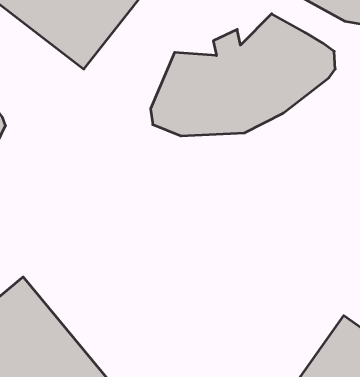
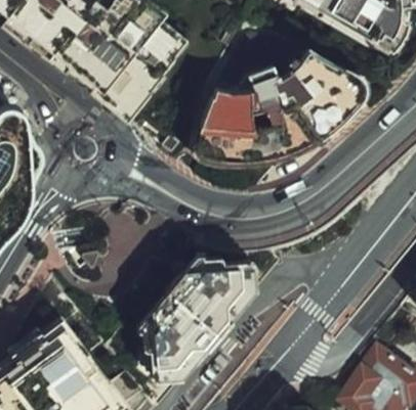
building: none -> [130,253,250,388]

